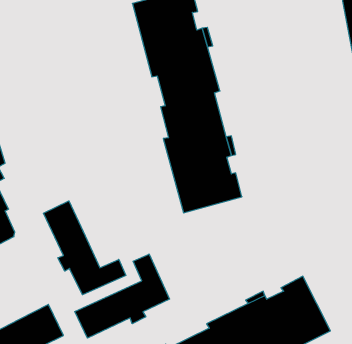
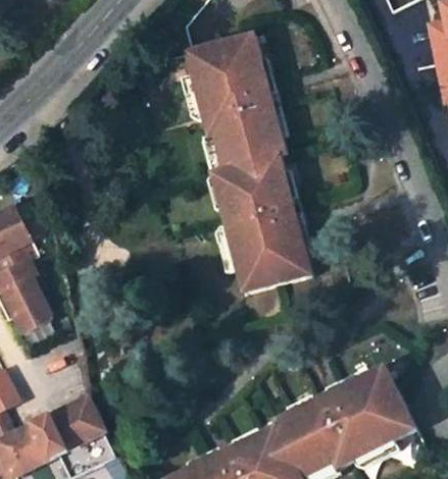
building: [43,201,126,295] -> none
building: [75,254,169,338] -> none

